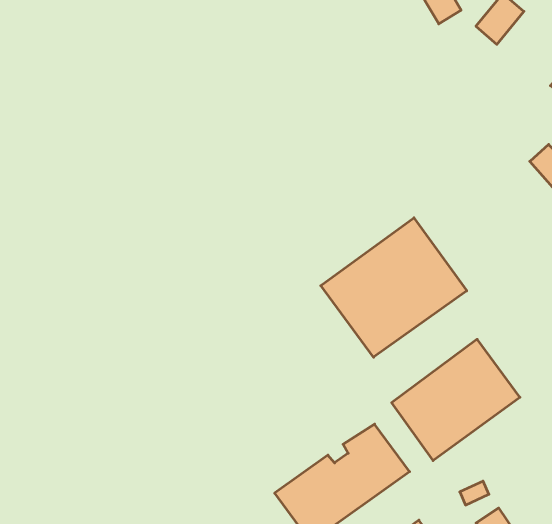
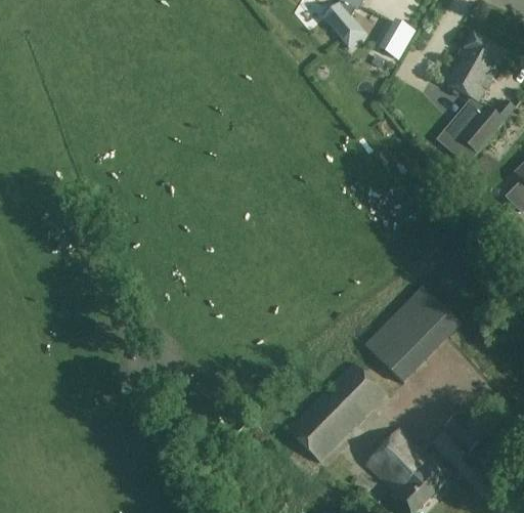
building: [321,218,467,357] -> none

